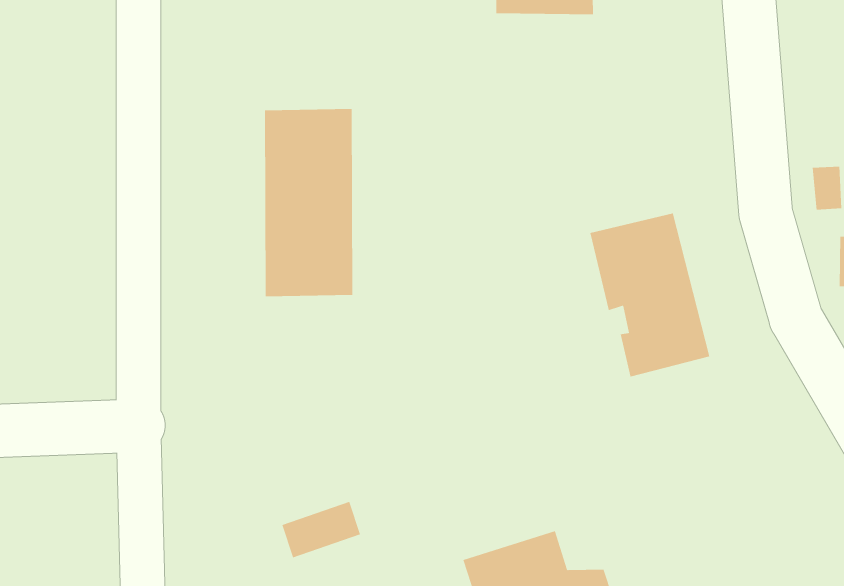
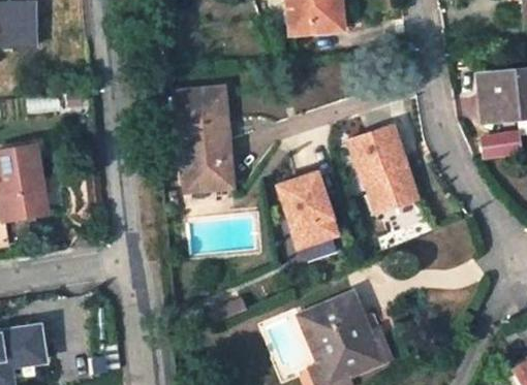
building: none -> [279,178,336,251]

